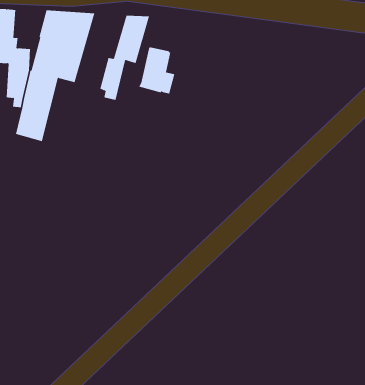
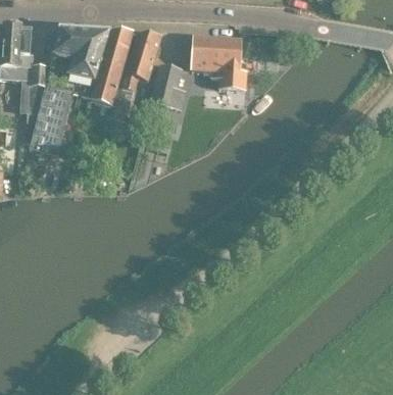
building: none -> [91,31,134,105]
building: none -> [192,36,247,89]

